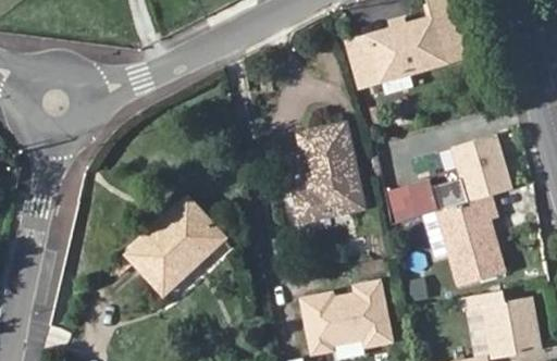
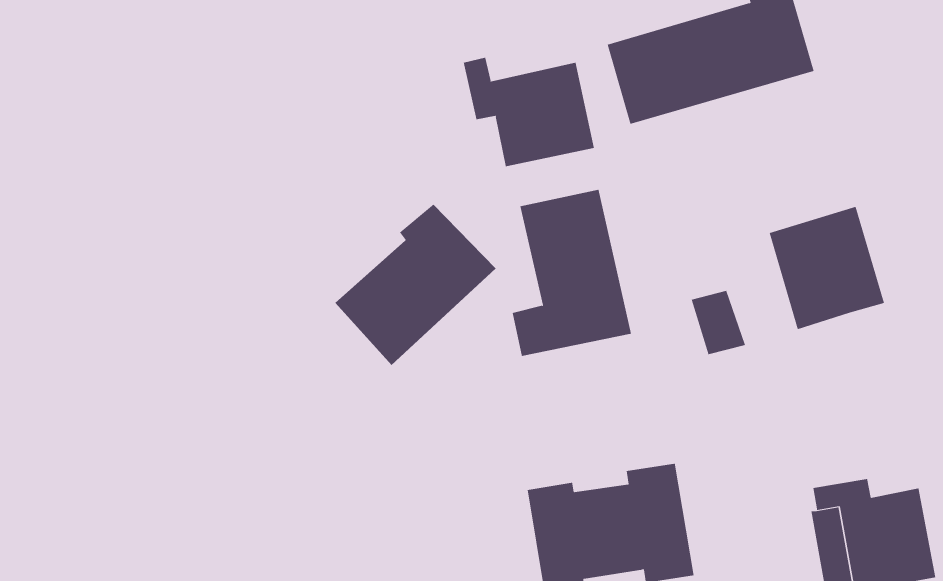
building: none -> [463,57,594,167]
building: [436,195,506,286] -> none
building: [131,199,223,291] -> [335,204,496,366]

